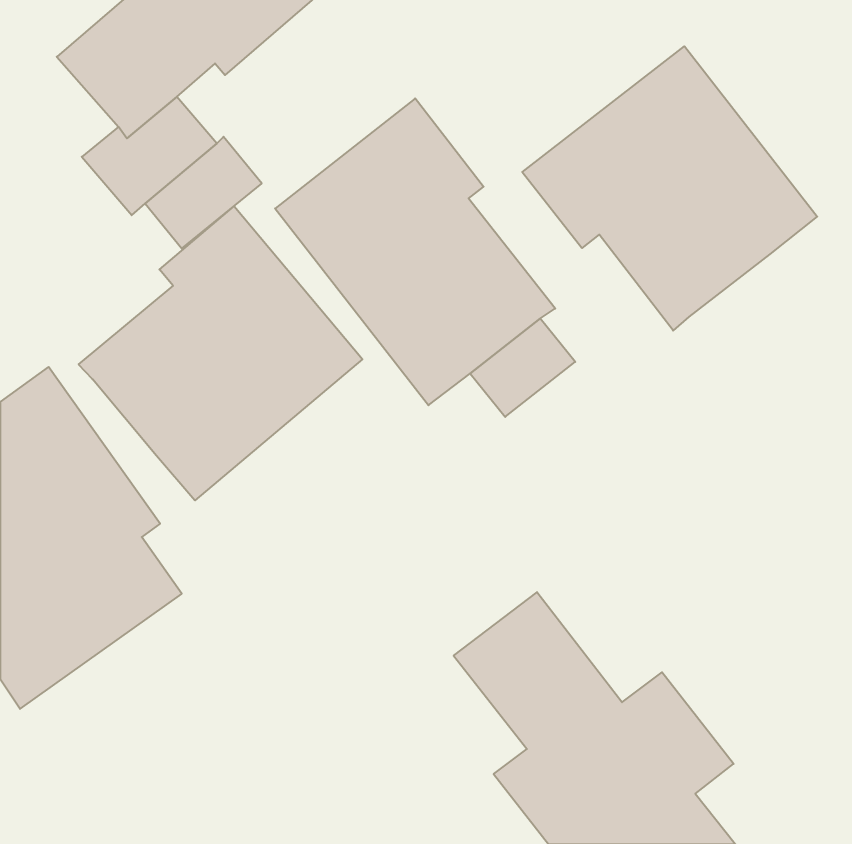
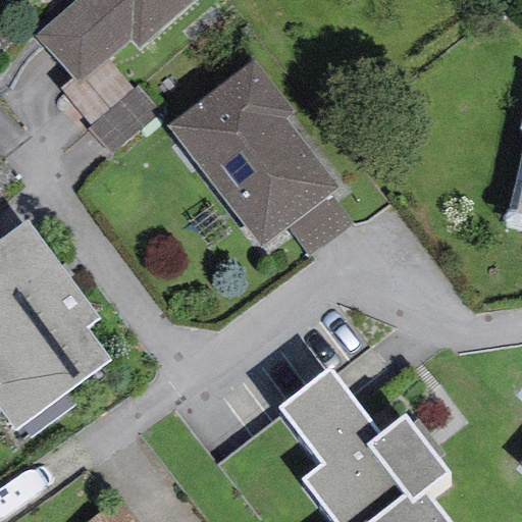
building: [522,46,817,331] -> none
building: [79,206,362,500] -> none

